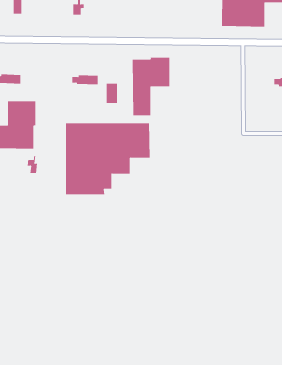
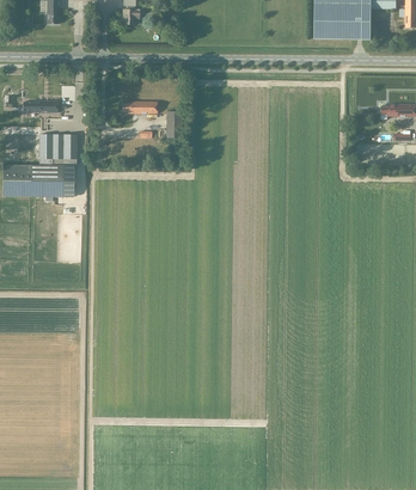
building: [132,57,170,116] -> none
building: [66,122,150,195] -> none

